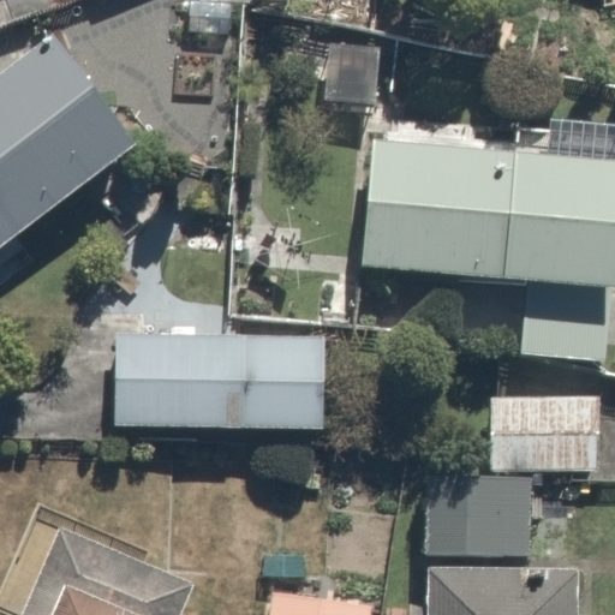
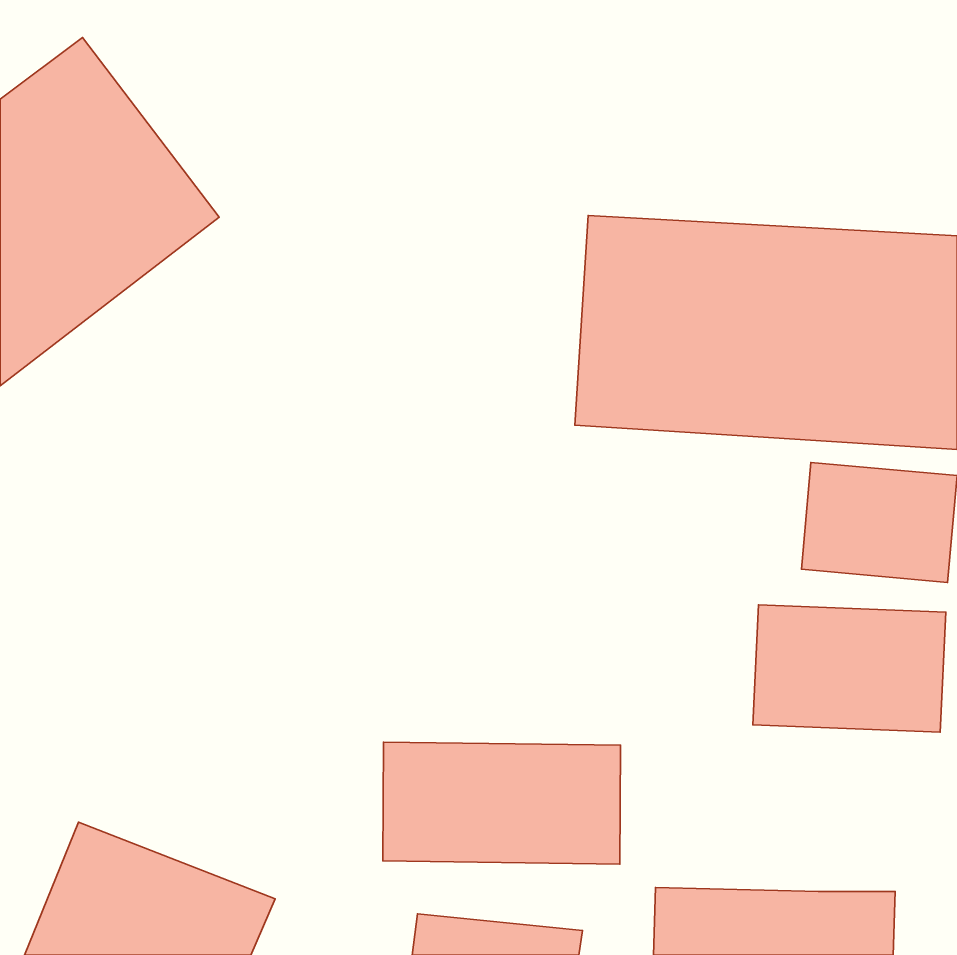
building: [109,330,345,437] -> none
building: none -> [383,742,621,864]
building: [420,482,526,572] -> none

